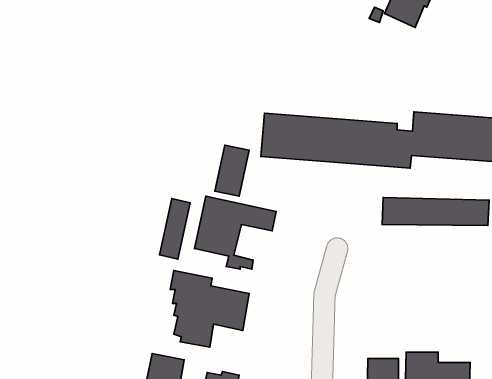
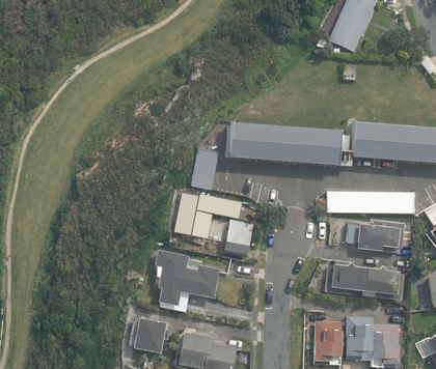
building: [159,198,190,259] -> none
building: none -> [225,220,251,254]
building: none -> [347,220,411,252]
building: none -> [326,260,405,299]

